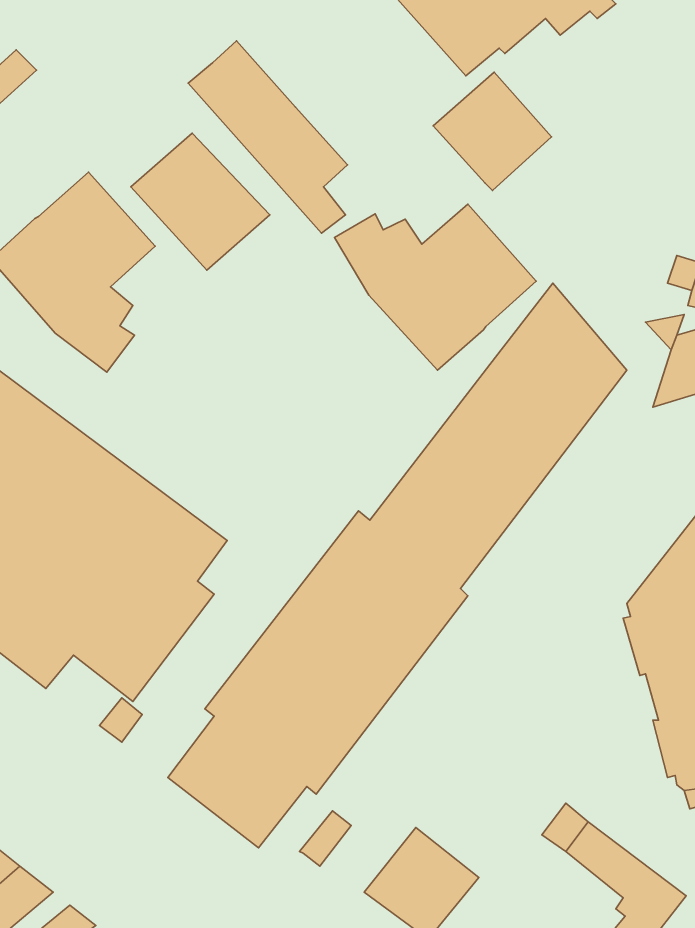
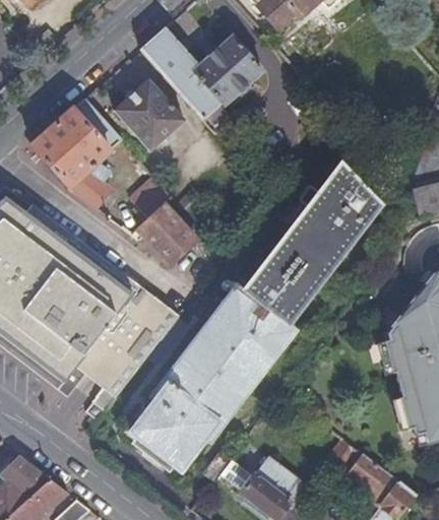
building: [433,72,552,191] -> [200,34,265,99]
building: [335,204,536,370] -> none
building: none -> [132,176,199,265]

